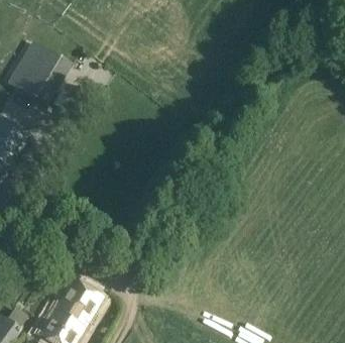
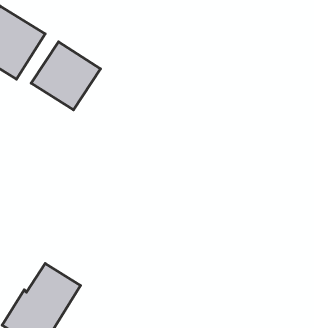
building: none -> [31,42,101,110]

